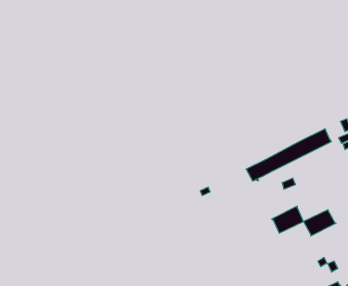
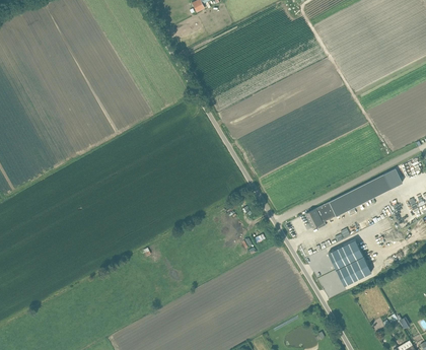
building: [304,210,336,236] -> [329,239,365,269]

